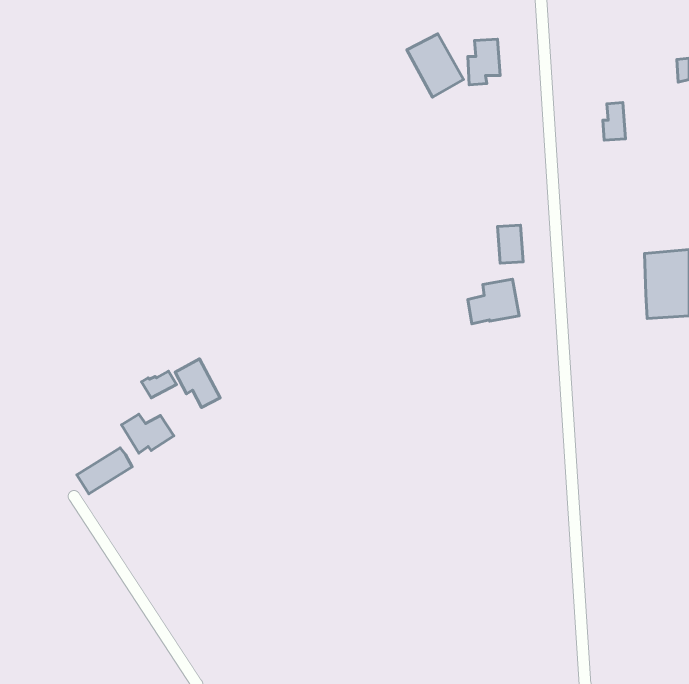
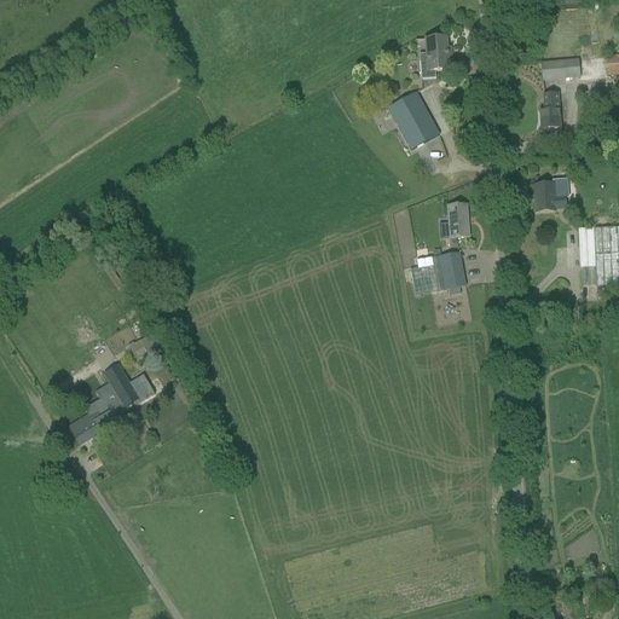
building: [407,34,464,97] -> [388,91,439,147]
building: none -> [542,57,580,77]
building: none -> [532,181,566,210]
building: [175,359,220,407] -> none

